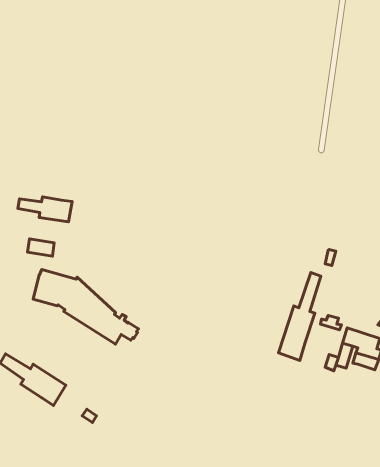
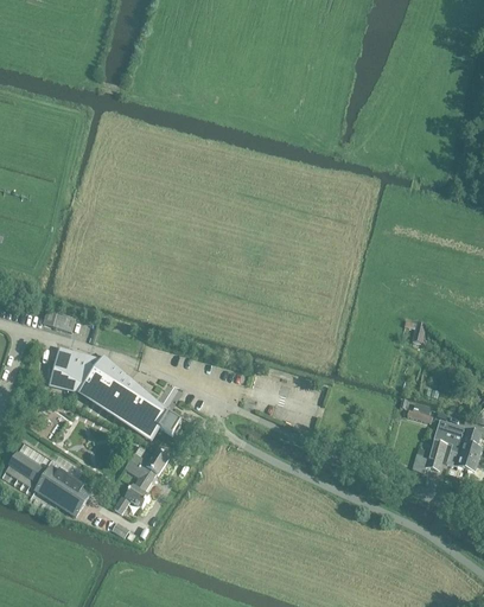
building: [18,197,72,222] -> none
building: [279,272,321,360] -> none
building: none -> [114,449,168,513]

